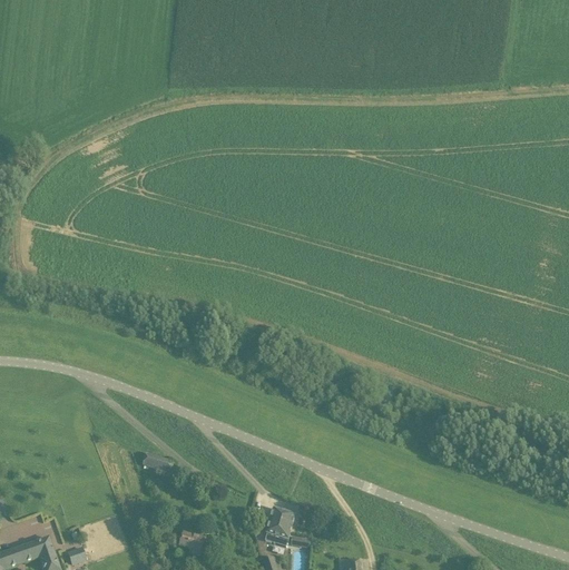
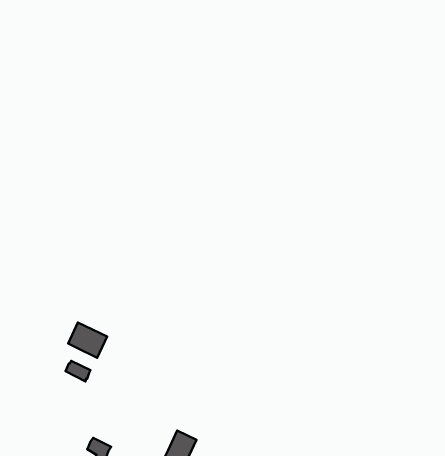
building: none -> [68,322,107,358]

